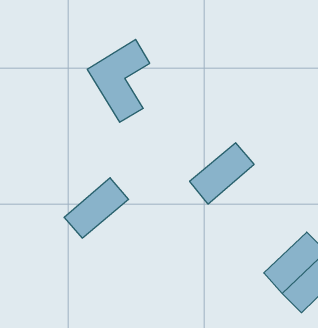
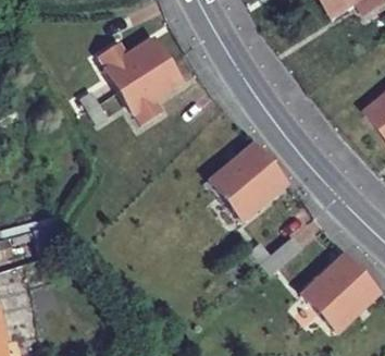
building: none -> [99,39,170,90]
building: [64,178,129,238] -> [206,143,271,204]

